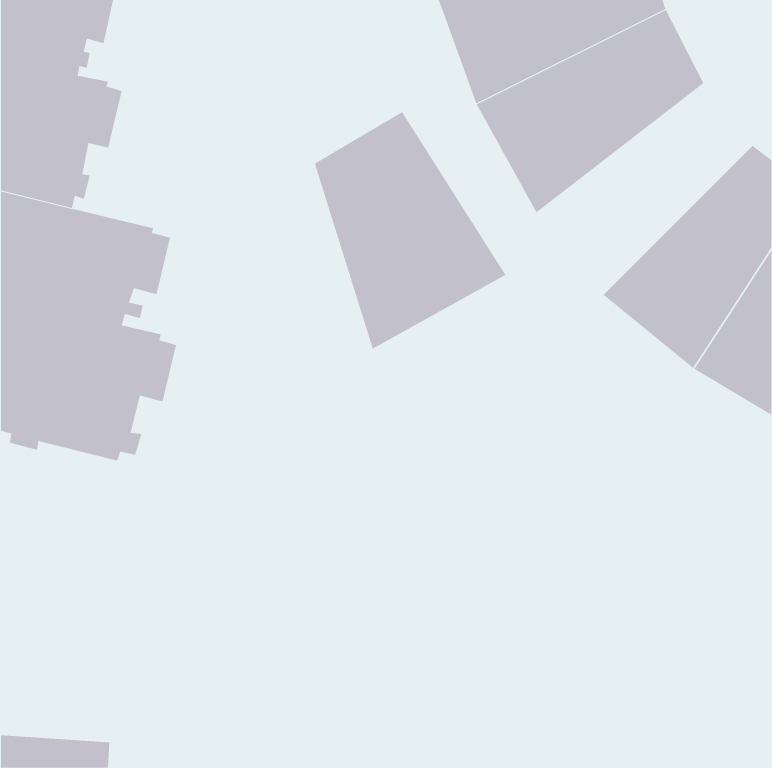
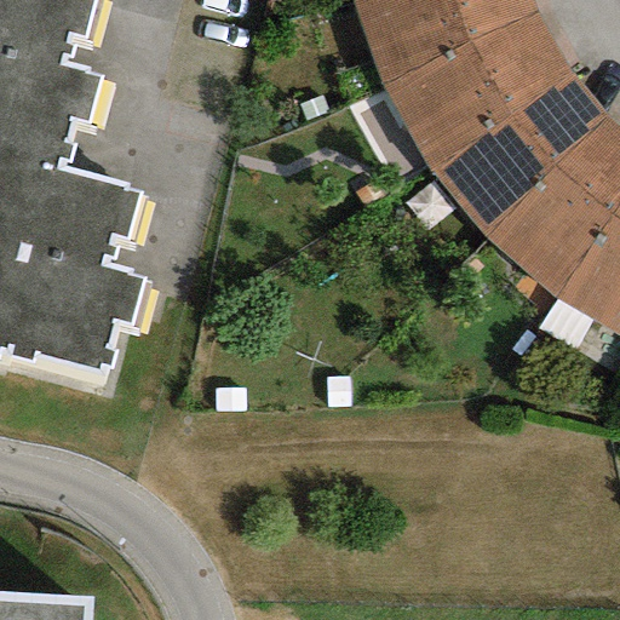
building: none -> [430,67,603,236]
building: [314,111,506,350] -> none

